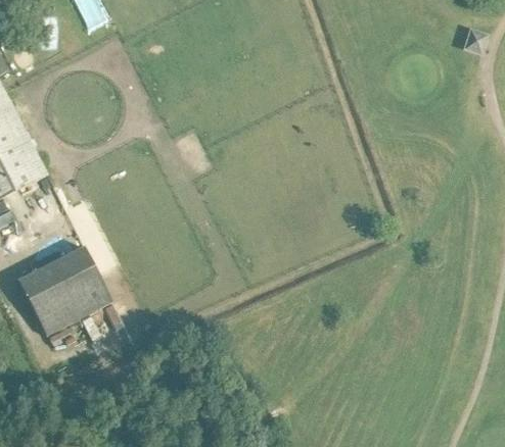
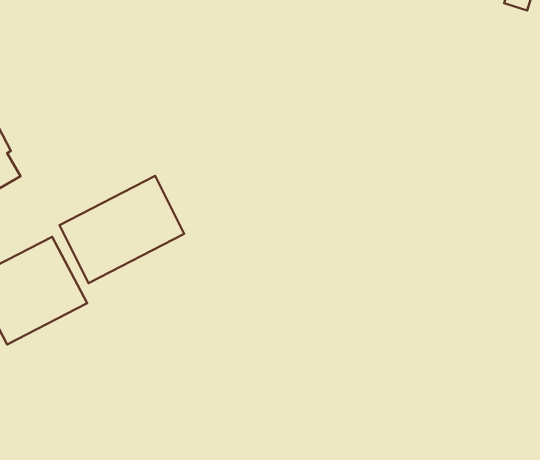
building: none -> [60,176,184,283]

